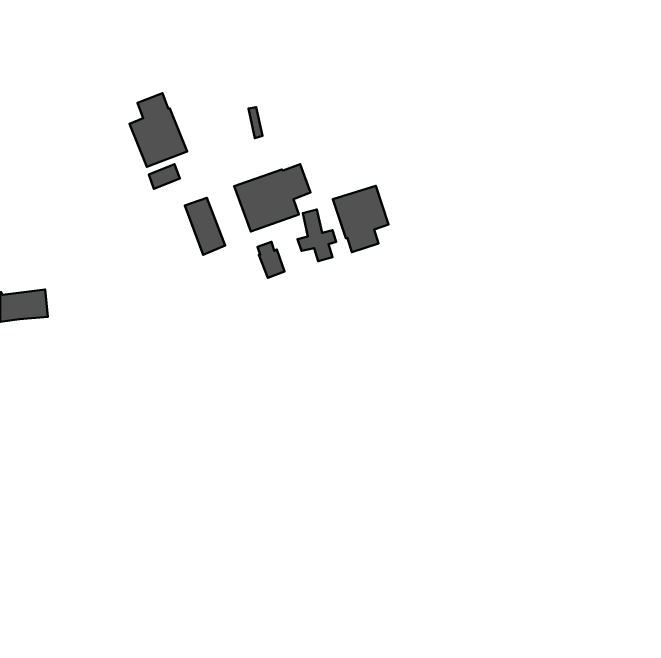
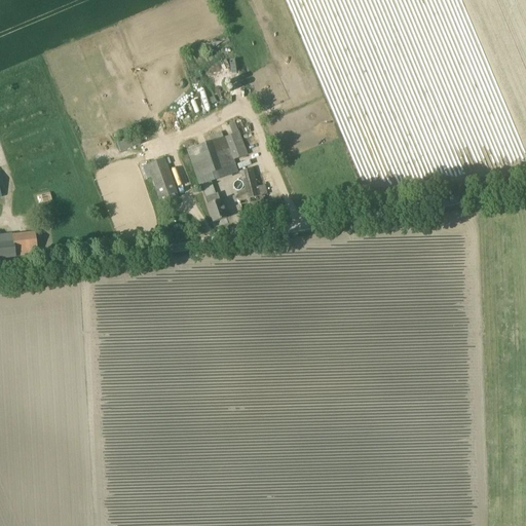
building: [130,93,187,167] -> none
building: [333,186,389,252] -> none

